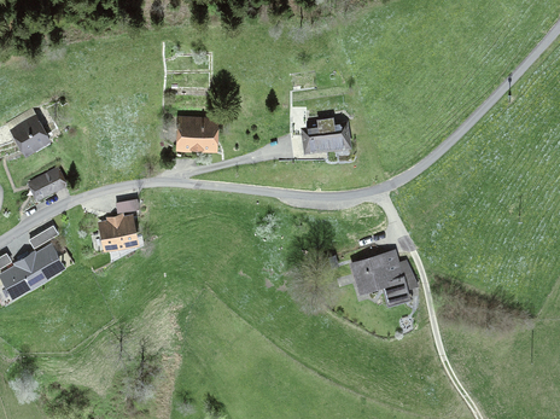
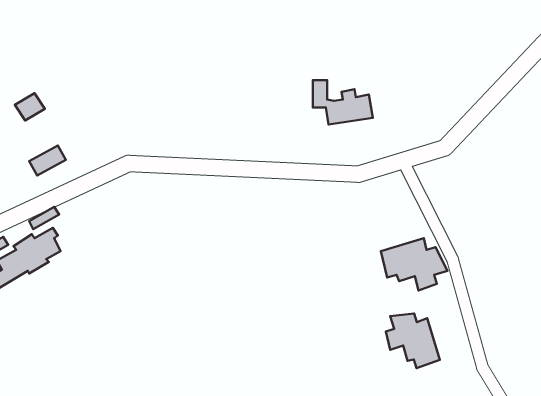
building: [169,118,212,156] -> none
building: [100,215,135,246] -> none
building: none -> [386,313,440,368]

